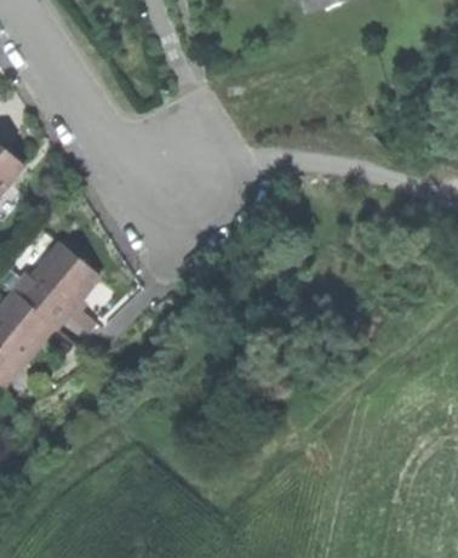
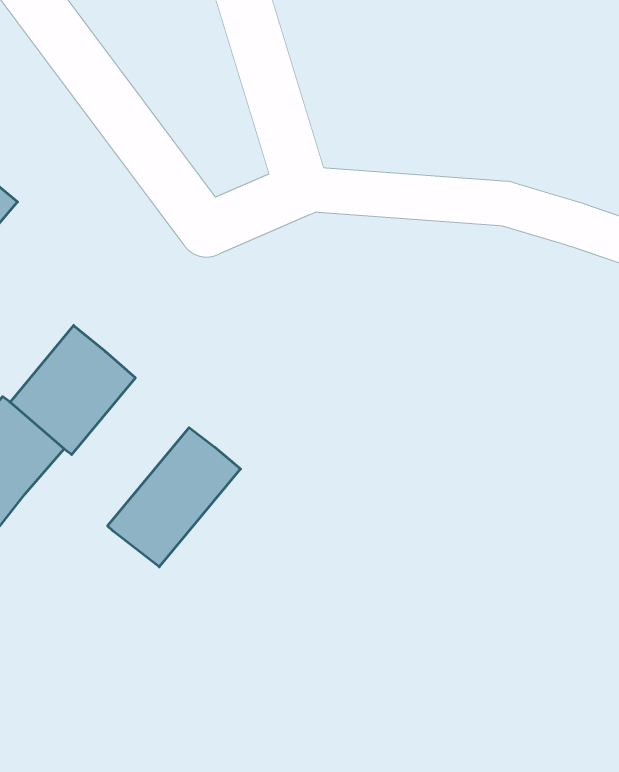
building: none -> [108,428,241,567]

